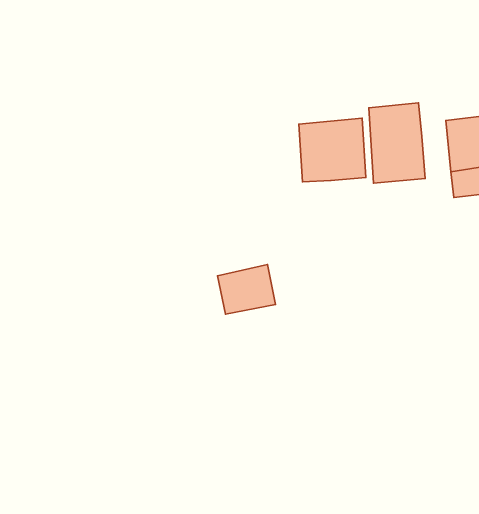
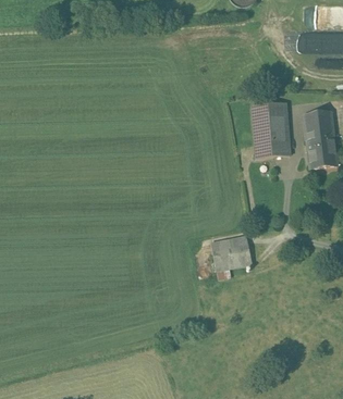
building: [299,118,366,182] -> none
building: [218,264,275,314] -> [211,236,250,270]

